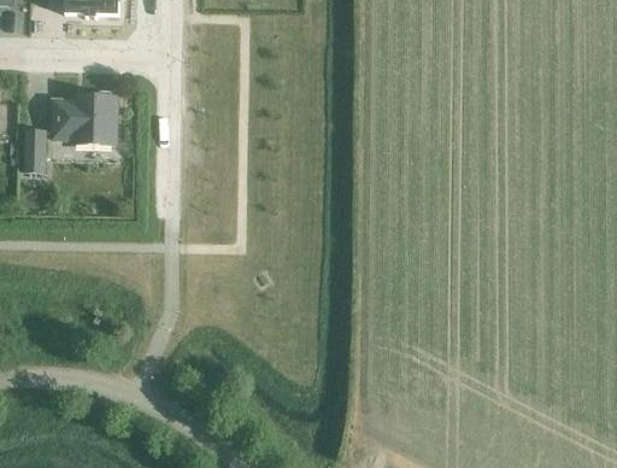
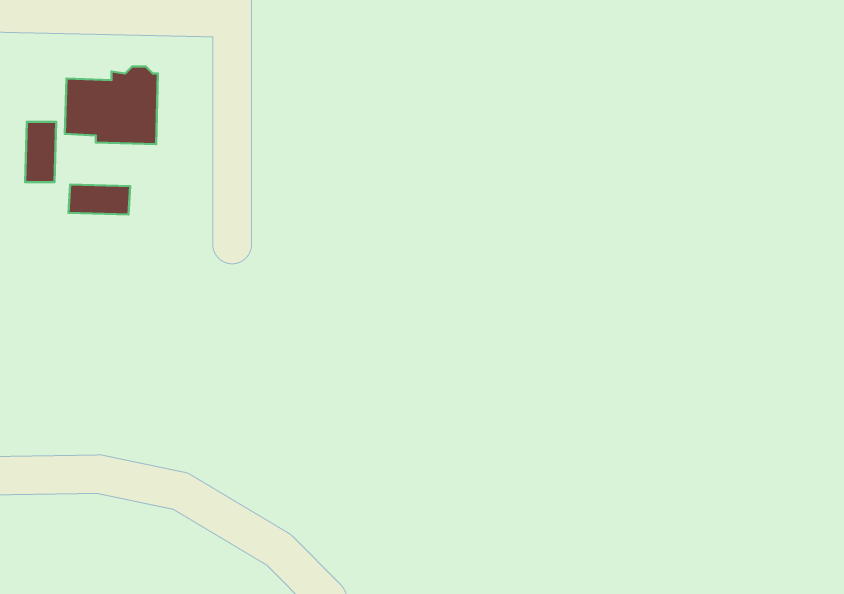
building: none -> [68,184,130,214]

